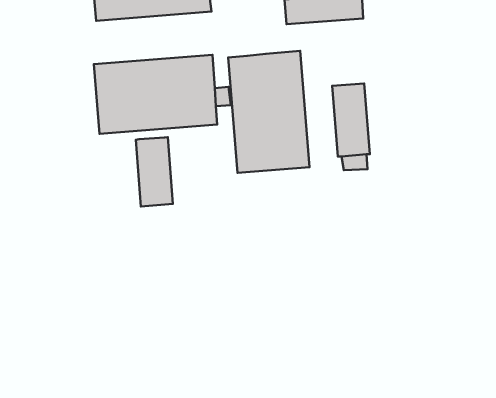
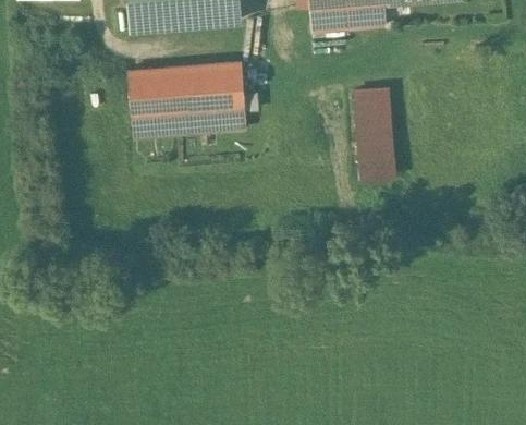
building: [228,51,310,173] -> none
building: [136,137,173,207] -> none

